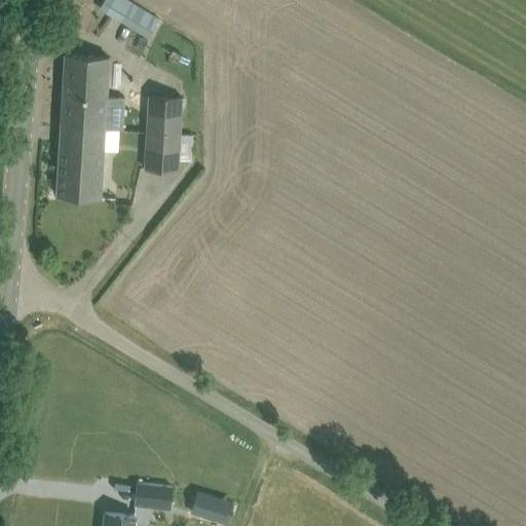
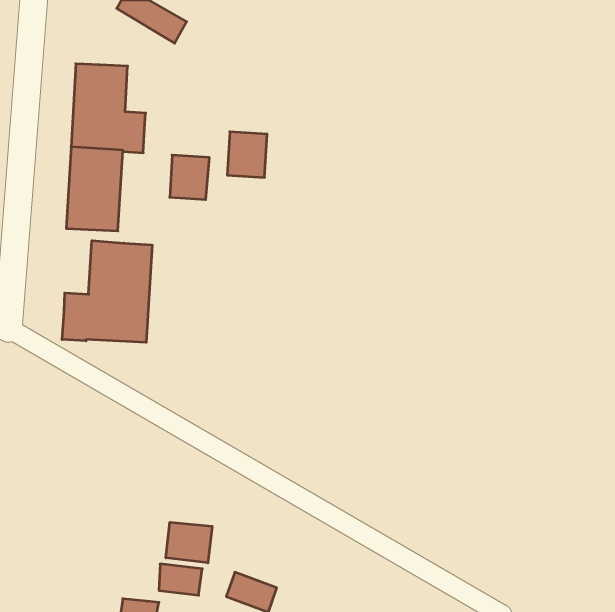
building: [147,98,181,137] -> [227,132,267,177]
building: none -> [62,241,152,342]
building: none -> [166,522,212,563]

